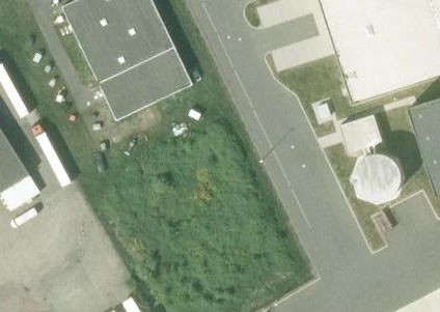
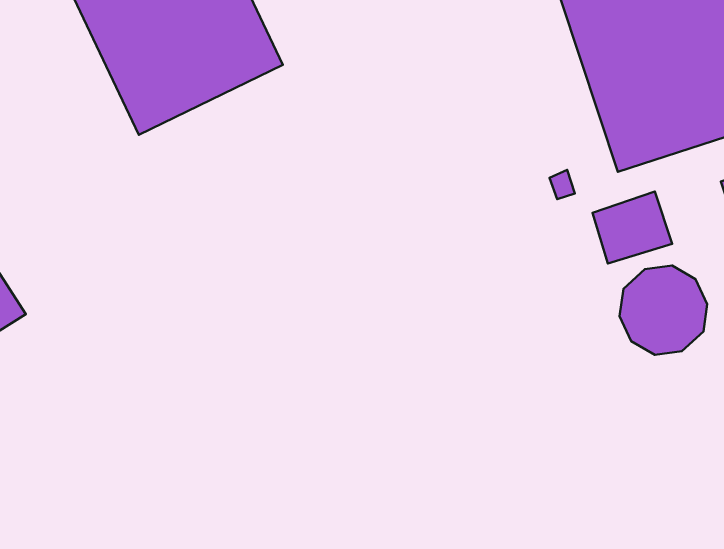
building: [98,48,192,122] -> none

